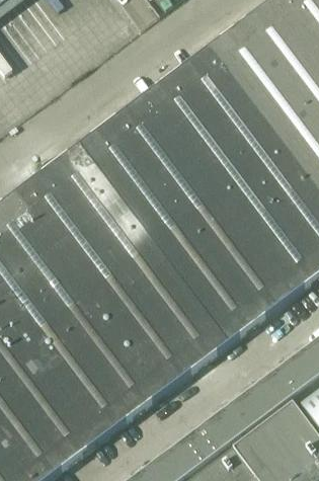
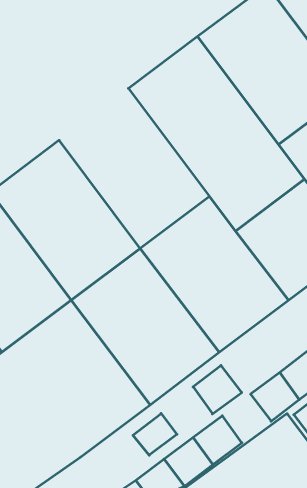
building: [79,94,220,244] -> none
building: [232,381,277,426] -> [193,365,242,414]
building: none -> [133,413,177,455]

